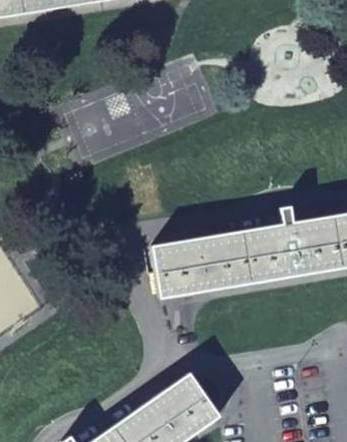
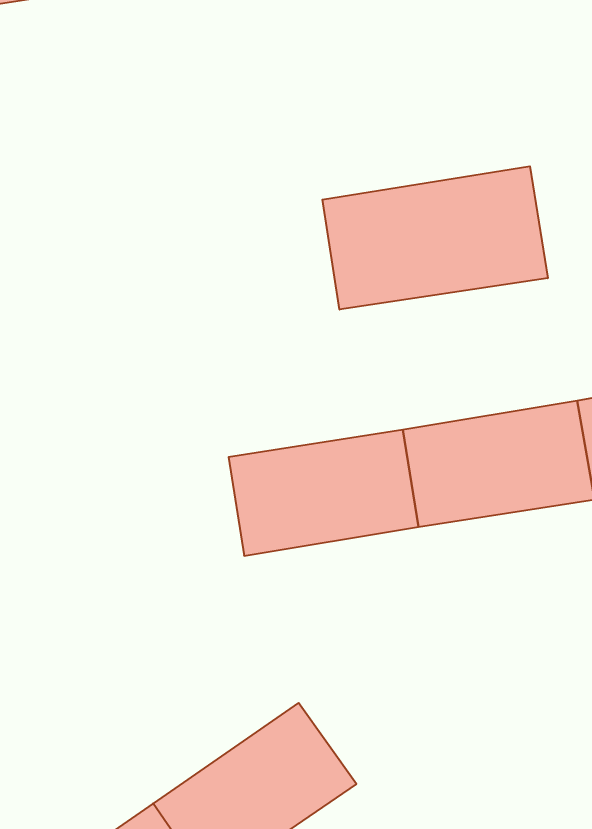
building: none -> [322,166,548,310]

